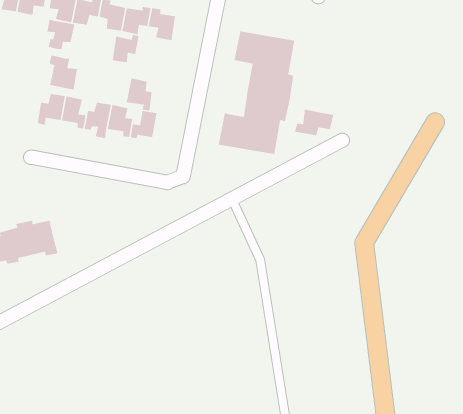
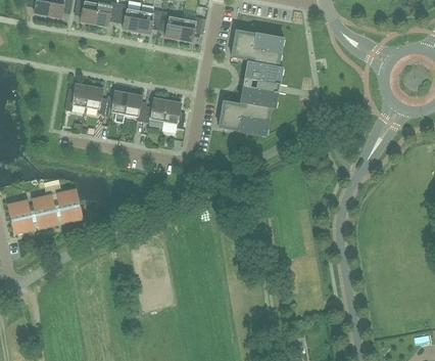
building: [47,19,75,50] -> none
building: [112,34,140,63] -> [179,16,202,41]
building: [49,55,78,90] -> none
building: [126,77,152,111] -> [162,99,185,128]
building: [294,109,334,136] -> none

